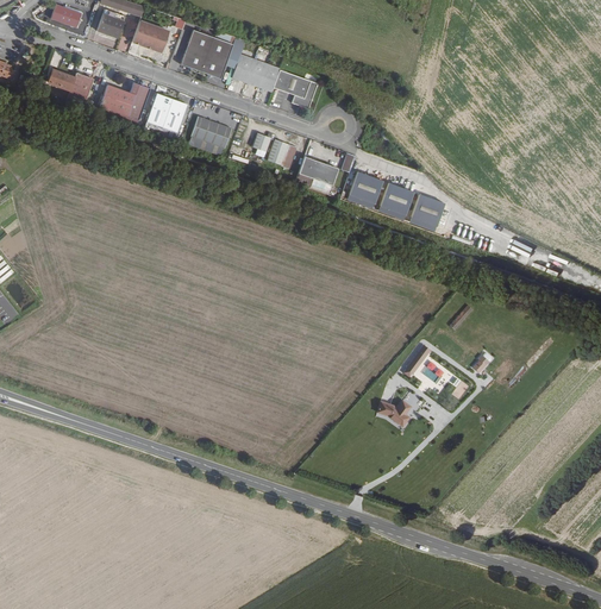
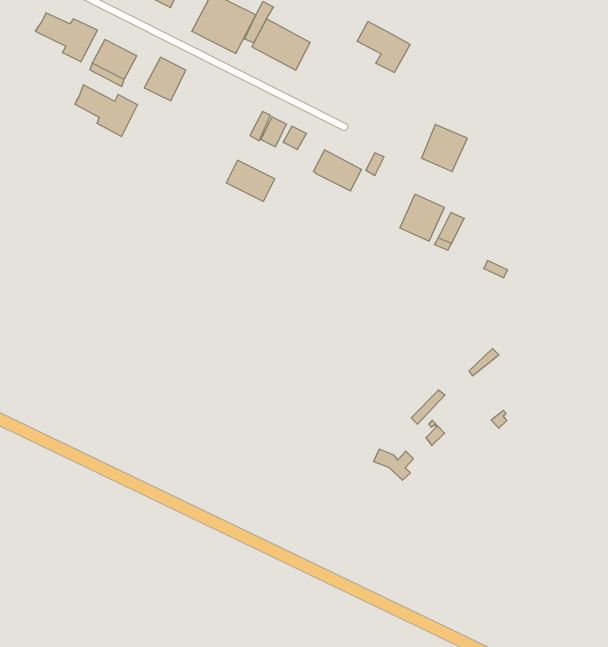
building: [275,68,320,108] -> [357,21,410,72]
building: [192,117,232,149] -> [226,160,275,201]
building: none -> [75,85,137,137]
building: [345,172,382,211] -> [421,124,467,172]

